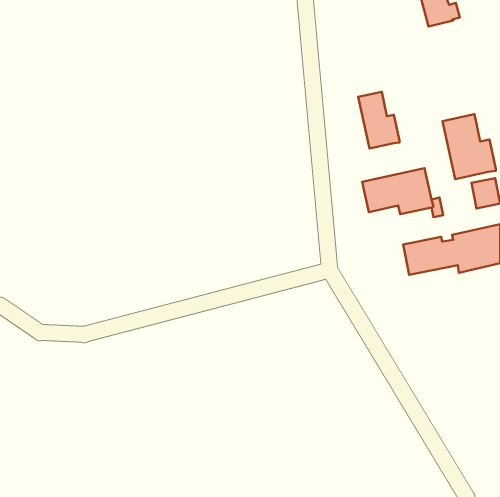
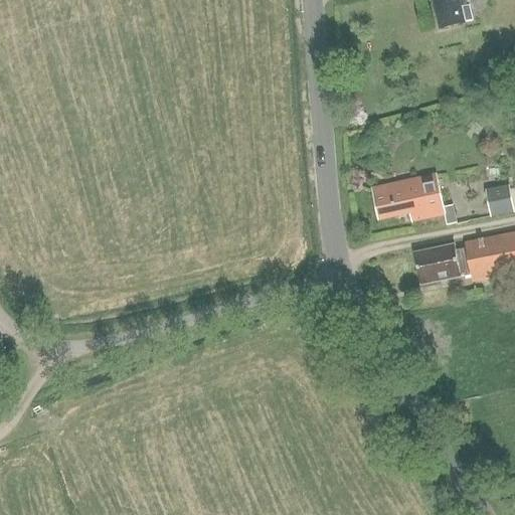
building: [358,92,399,149] -> none
building: [442,114,496,179] -> none

